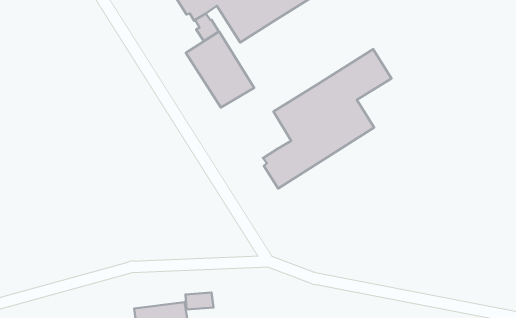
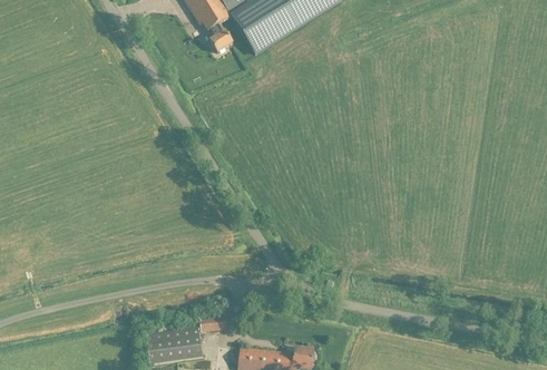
building: [186,31,254,107] -> none
building: [263,49,392,189] -> none

